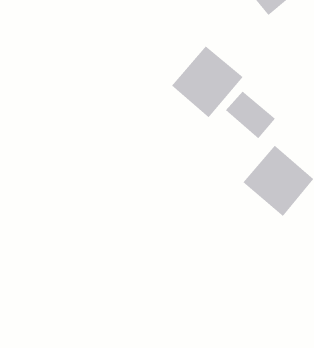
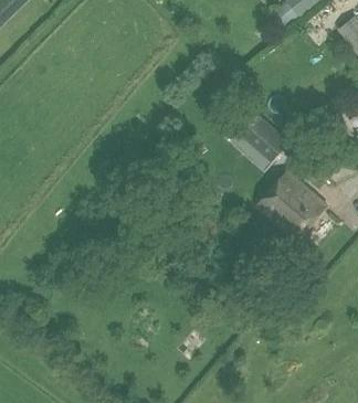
building: [171,45,243,118] -> none

